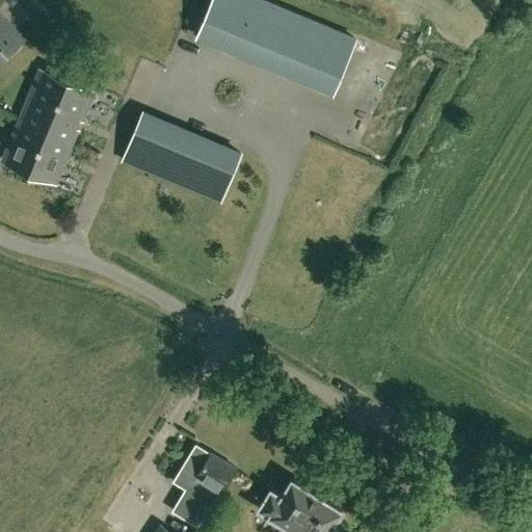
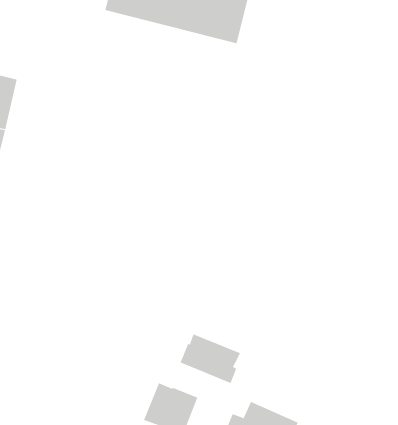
building: [123,115,239,203] -> none
building: none -> [180,334,241,384]

